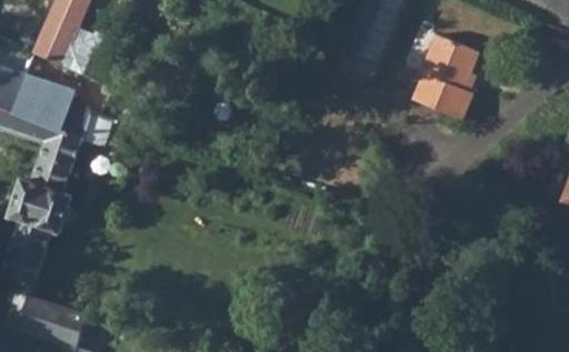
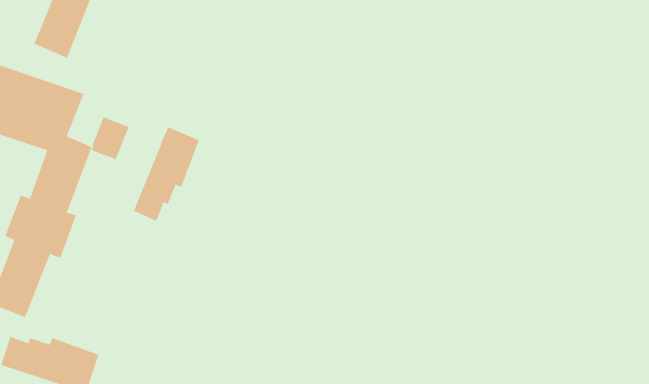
building: [413,31,481,118] -> none
building: none -> [133,127,200,221]

